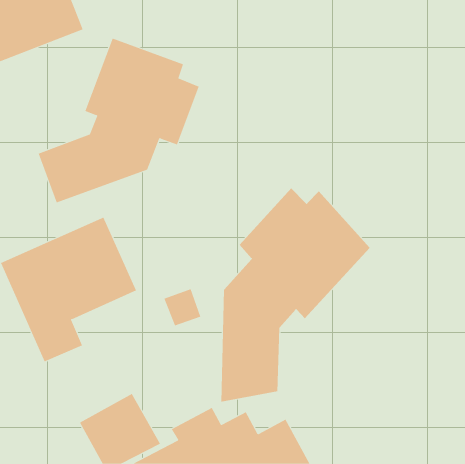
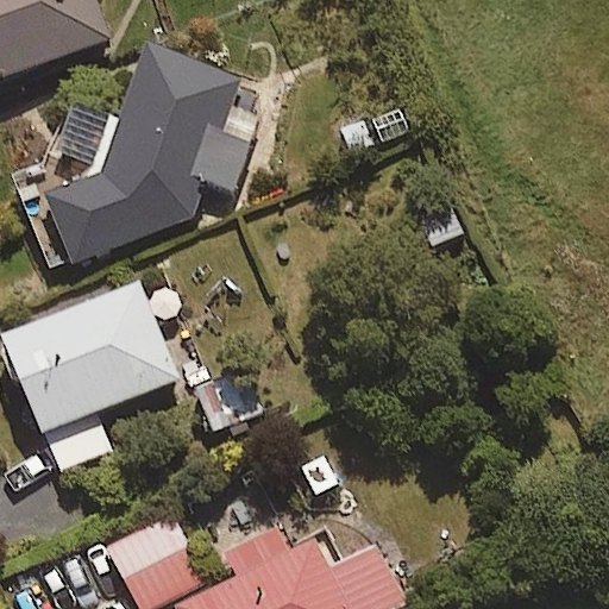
building: [221,188,370,402] -> none

